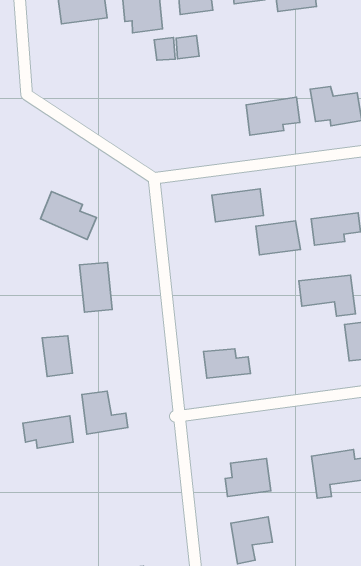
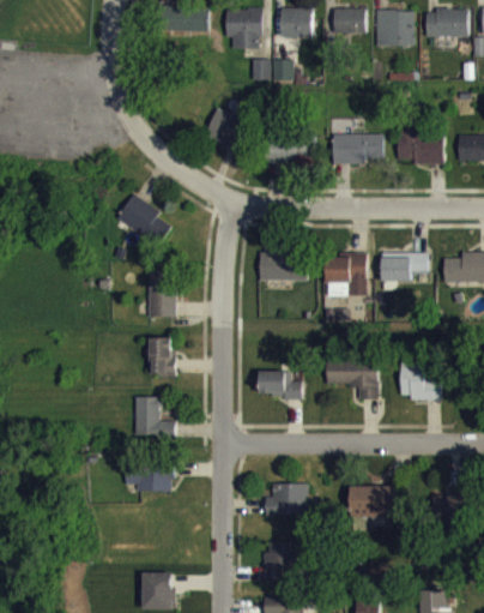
building: none -> [204,108,249,151]
building: none -> [271,139,311,164]
building: [212,189,264,222] -> [260,254,308,281]
building: [299,275,356,316] -> [327,360,379,399]
building: [42,336,73,376] -> [150,337,175,375]
building: [23,416,73,448] -> [126,464,173,492]

